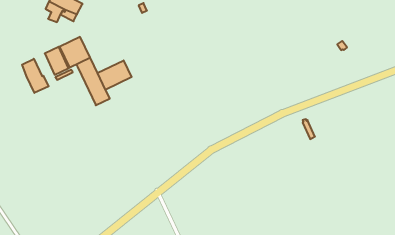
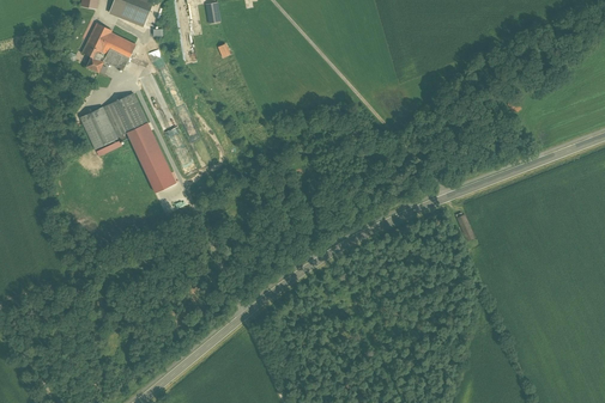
building: [22,59,49,93] -> none
building: [97,60,132,90] -> none

